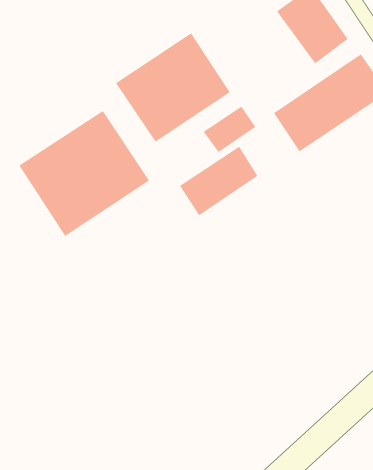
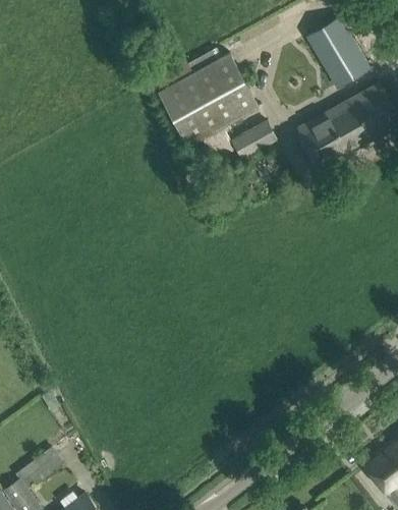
building: [18,110,150,237] -> none
building: [179,146,258,216] -> none

